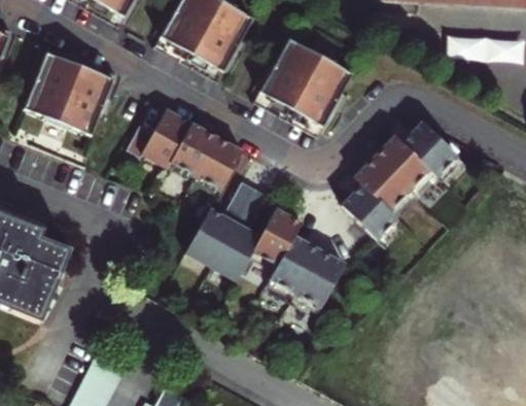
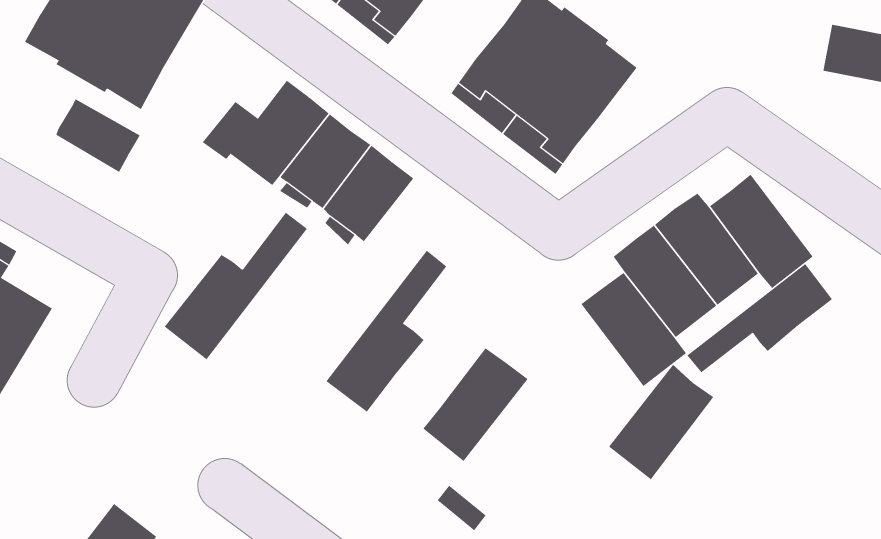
building: none -> [55,98,141,173]
building: none -> [687,263,833,373]
building: [185,181,254,267] -> [164,212,308,360]
building: [248,209,301,272] -> none
building: [291,249,344,313] -> [608,364,714,480]

